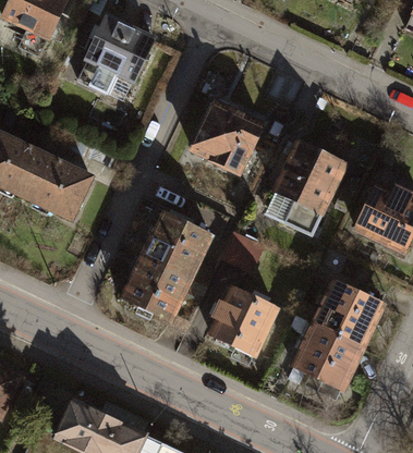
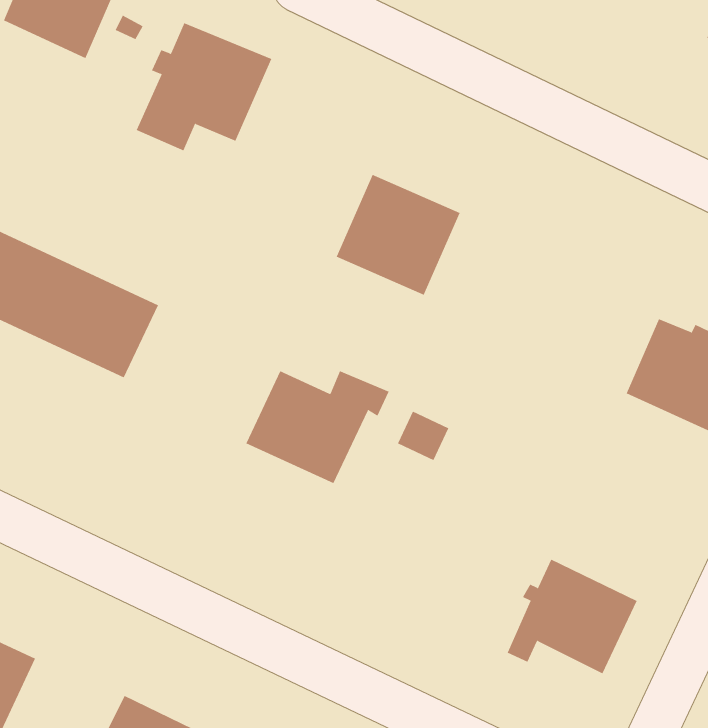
building: [272,144,344,230] -> none
building: [120,256,199,328] -> none
building: [313,280,381,345] -> none
building: [208,286,278,357] -> none

